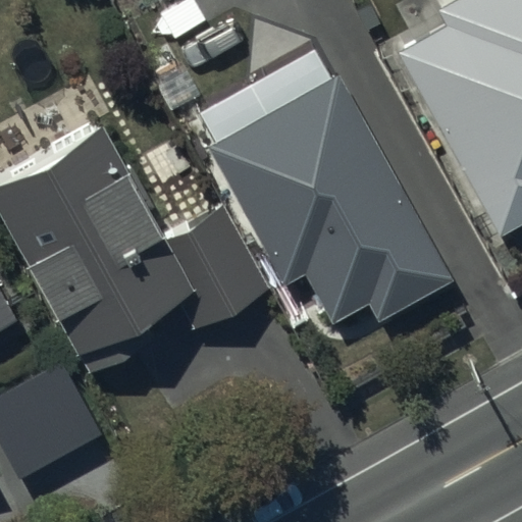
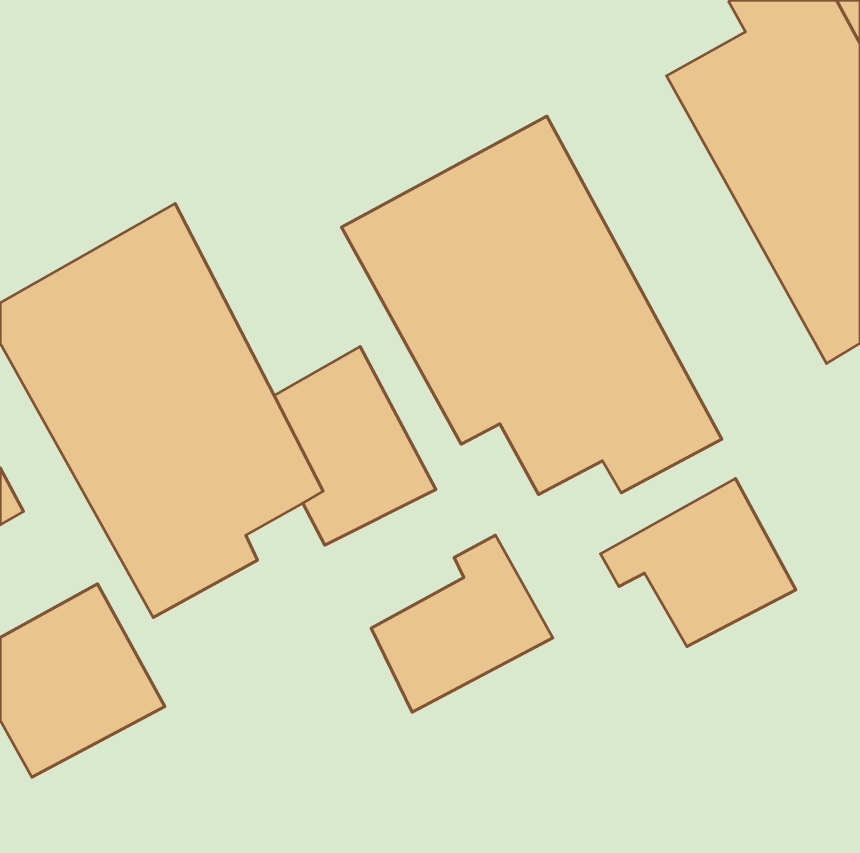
building: none -> [601,478,796,646]
building: none -> [371,535,553,712]

